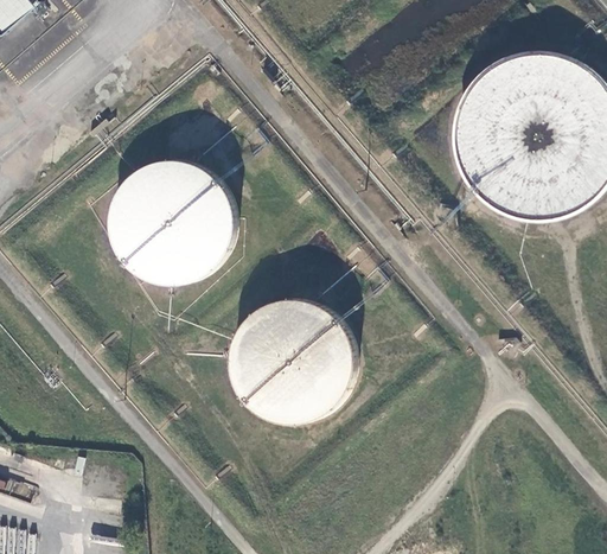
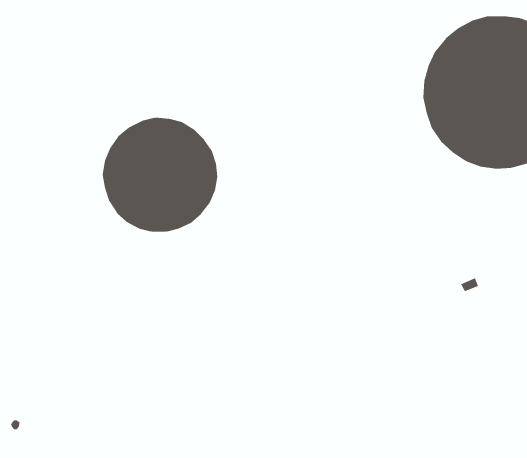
building: [228,297,356,425] -> none

